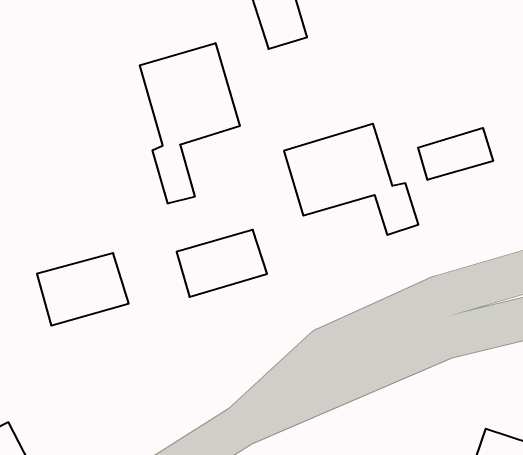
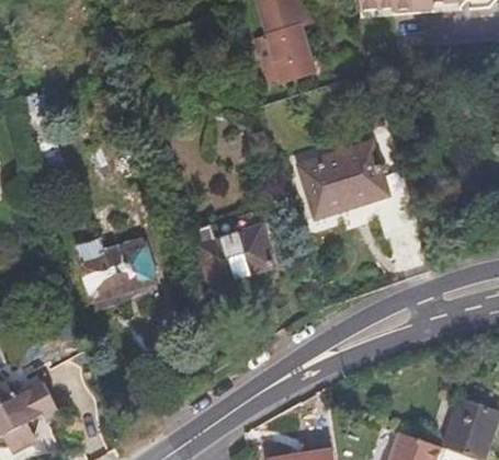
building: [140,43,240,204] -> none
building: [418,128,493,180] -> none

